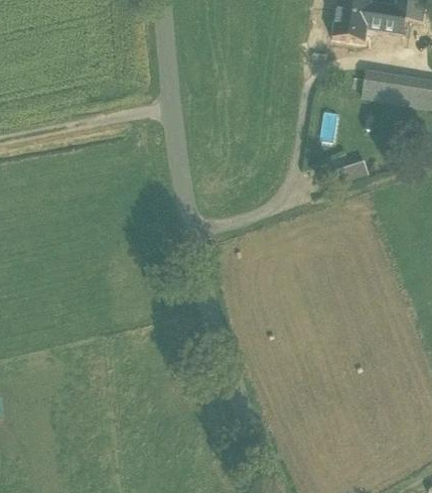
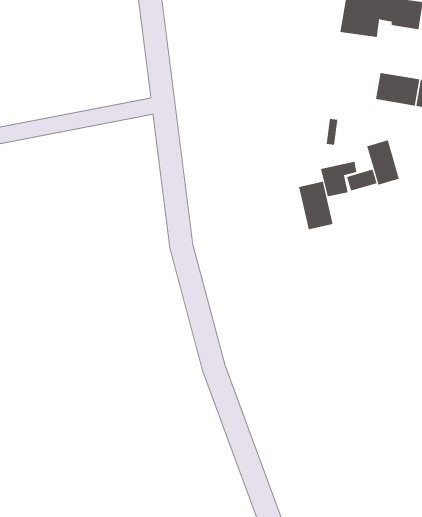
building: none -> [367,140,400,186]
building: none -> [299,181,333,230]

